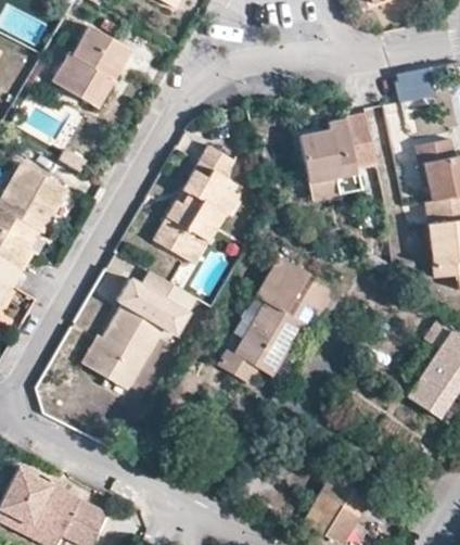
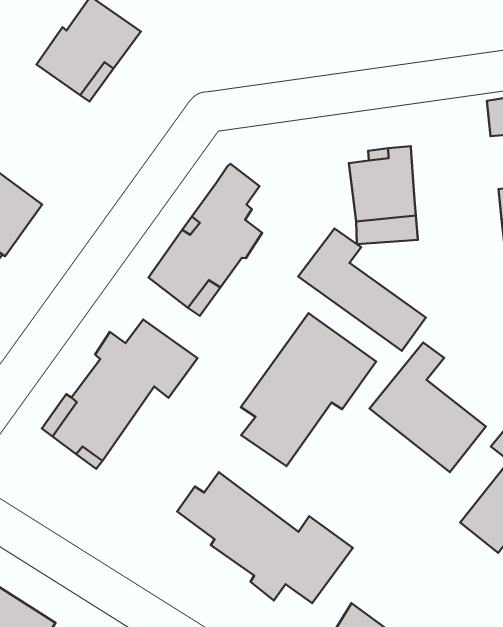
building: [346,115,375,161] -> none
building: none -> [298,229,426,351]
building: none -> [369,342,486,472]
building: none -> [177,472,353,603]

